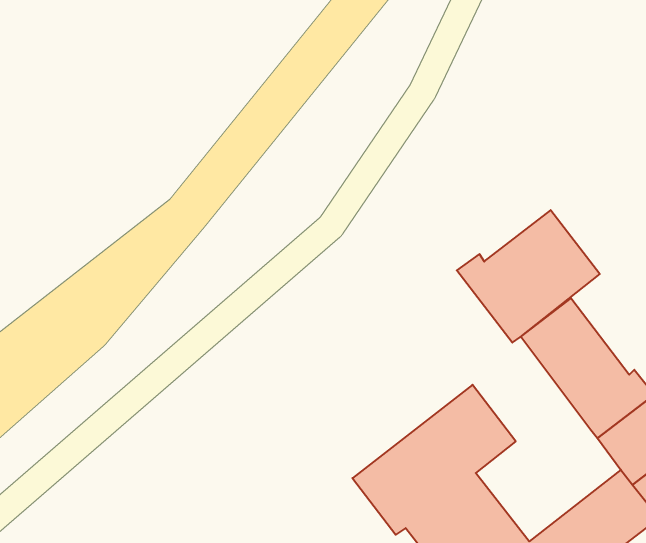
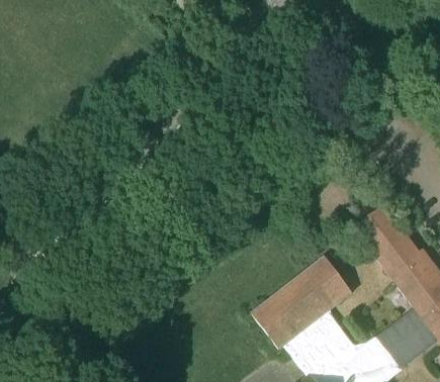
building: [457,210,600,343] -> none

